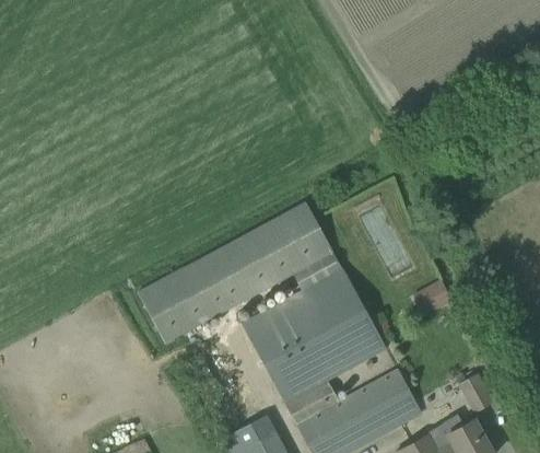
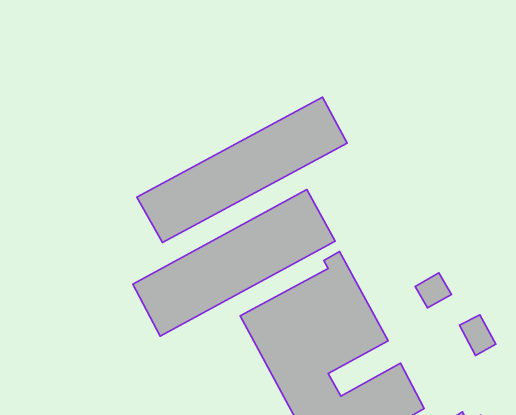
building: none -> [137,97,347,242]
building: [458,374,493,414] -> [460,315,496,356]

